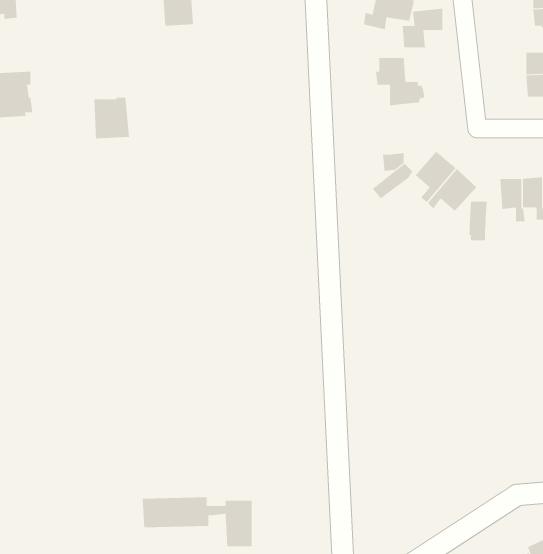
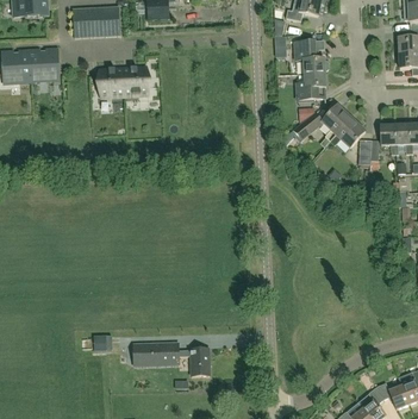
building: none -> [73,6,120,37]
building: [402,8,443,48] -> [297,71,325,99]
building: none -> [123,65,148,95]

